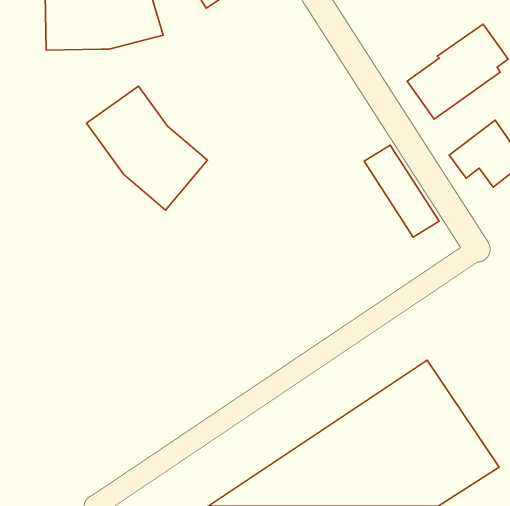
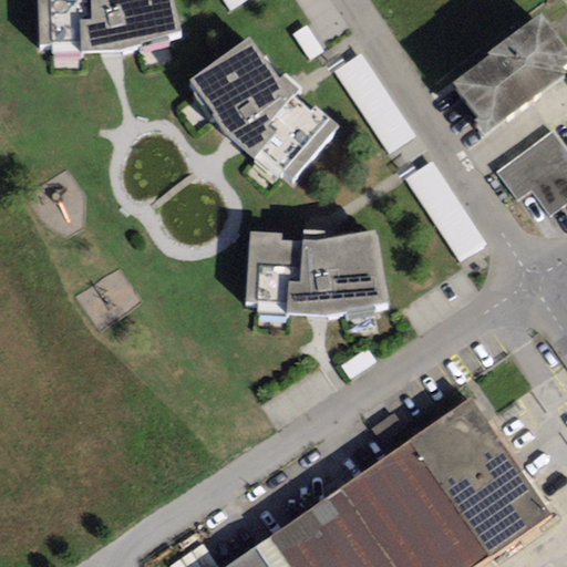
building: none -> [333,52,415,154]
building: [87,86,208,210] -> [193,45,327,183]
building: none -> [257,236,386,317]

